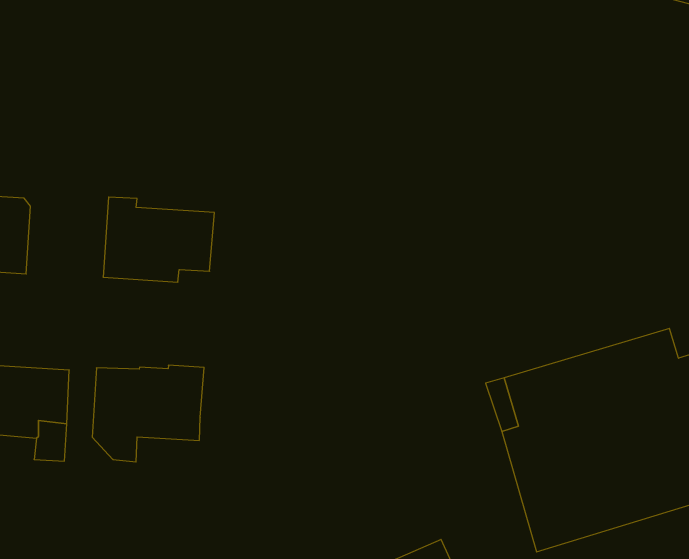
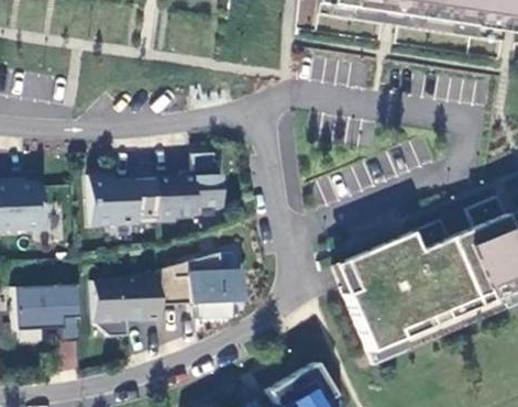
building: none -> [156,153,223,221]
building: none -> [161,252,244,317]

